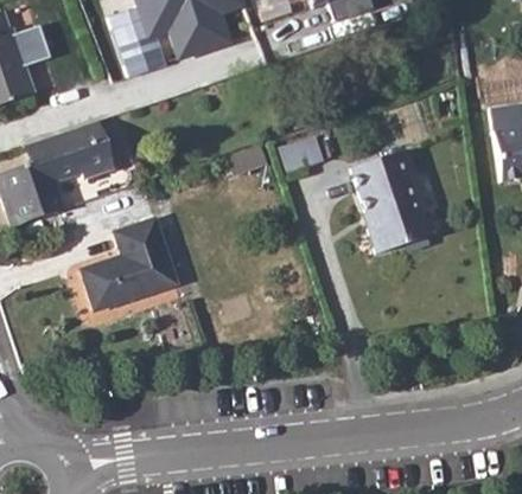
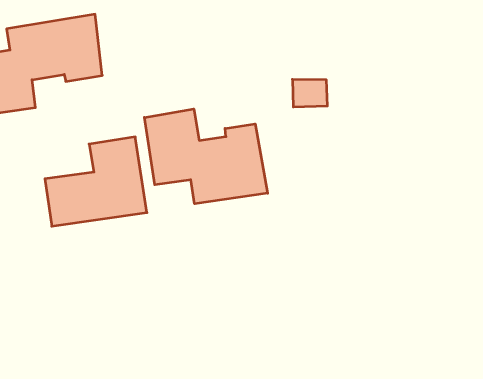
building: [350,152,431,254] -> none
building: none -> [144,109,268,204]

